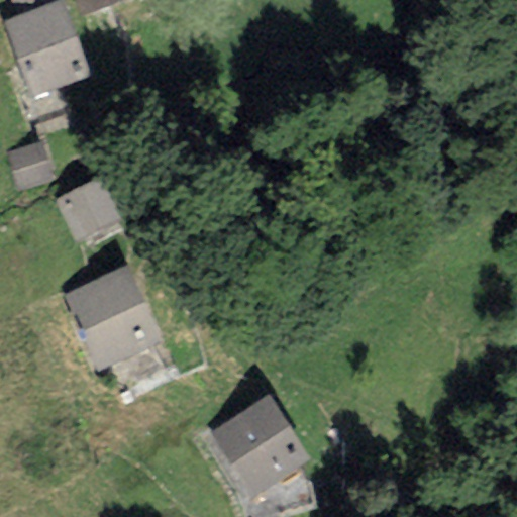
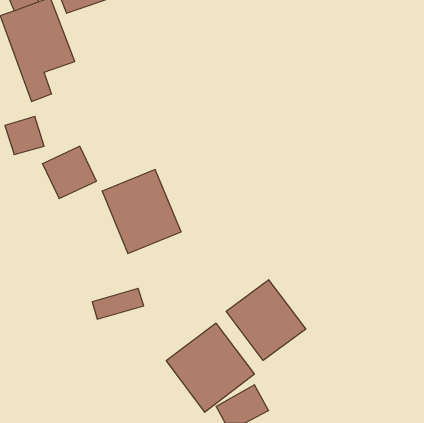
building: [66,266,162,368] -> [102,170,181,253]
building: none -> [226,280,306,360]

